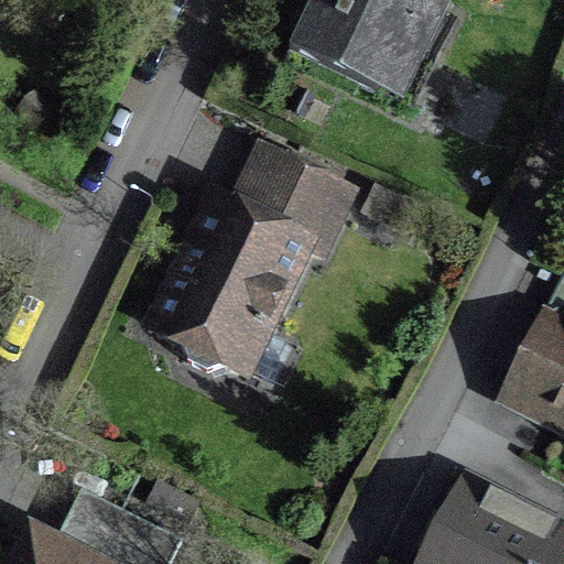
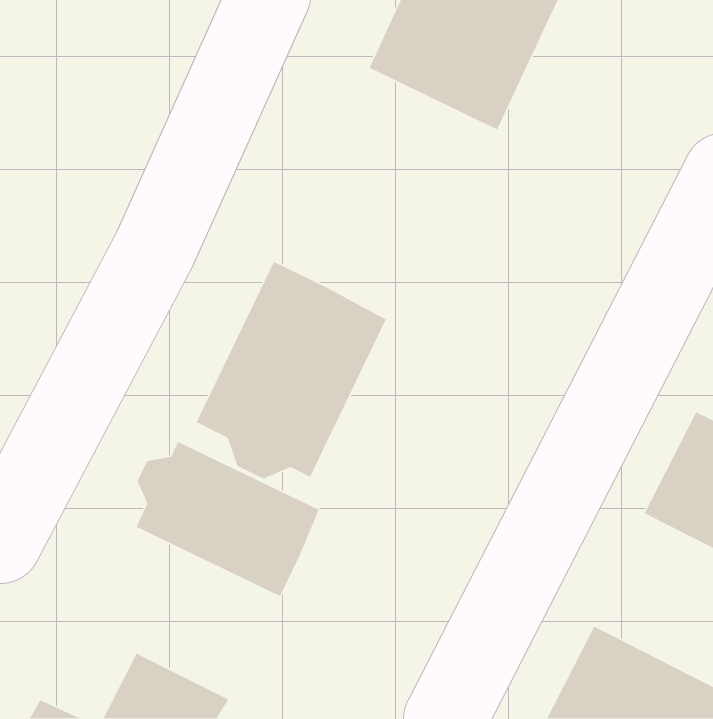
building: [264,163,356,256] -> none
building: none -> [136,441,320,597]

